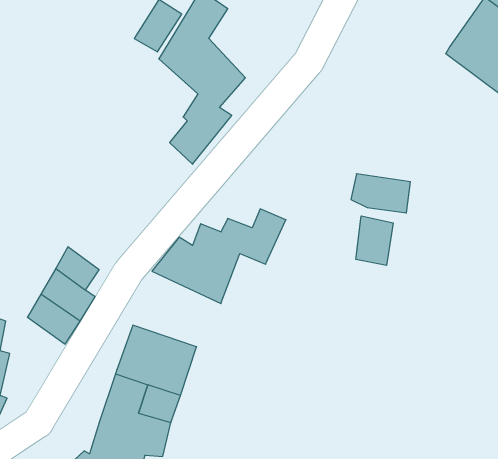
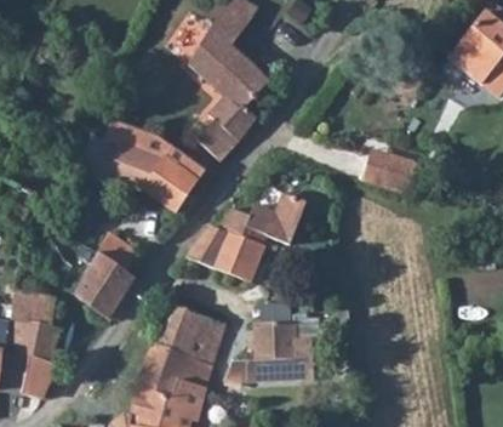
building: none -> [107,119,204,209]
building: [356,216,393,265] -> none
building: none -> [224,321,311,378]

